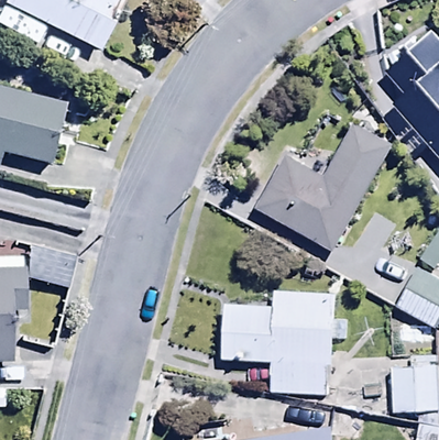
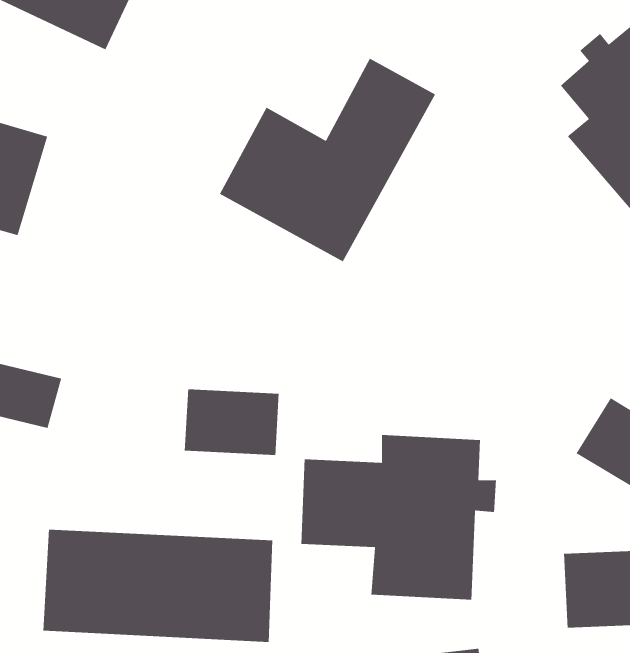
building: [256,123,393,252] -> [219,58,436,263]
building: none -> [184,388,280,456]
building: none -> [42,529,273,643]

